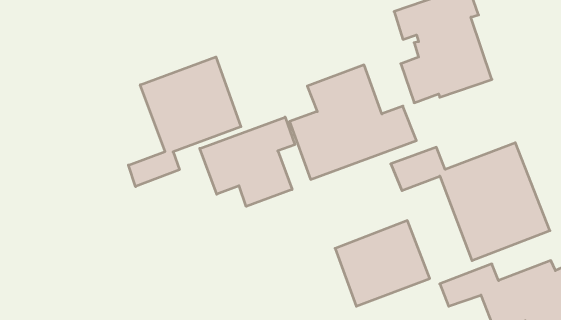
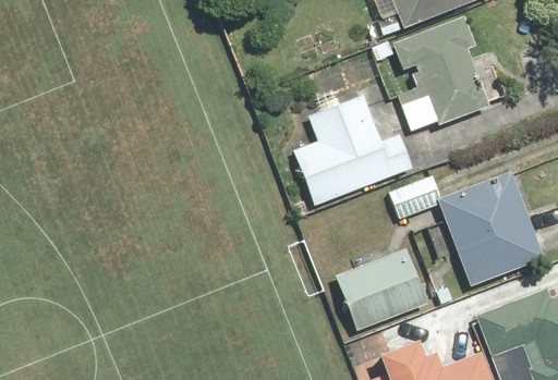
building: [128,57,241,187] -> none
building: [200,117,295,206] -> none

